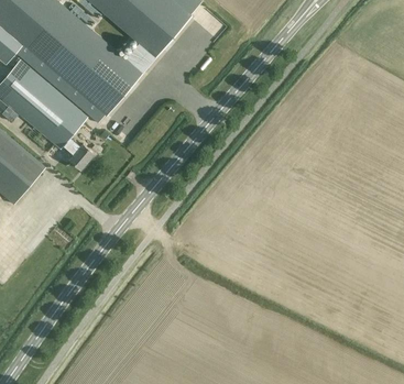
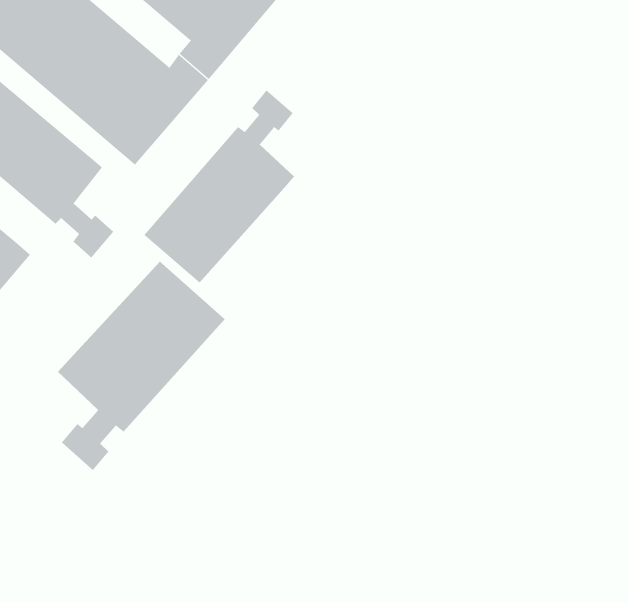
building: none -> [143,90,295,284]
building: none -> [57,261,226,471]

